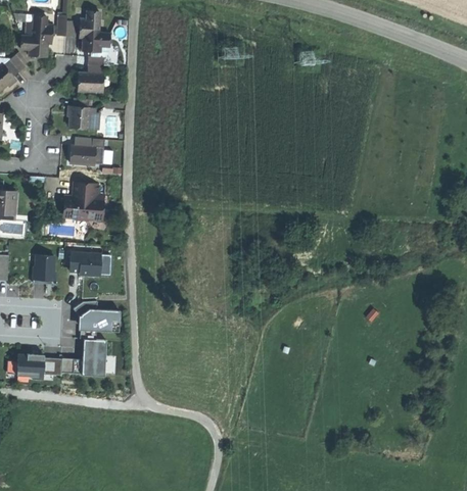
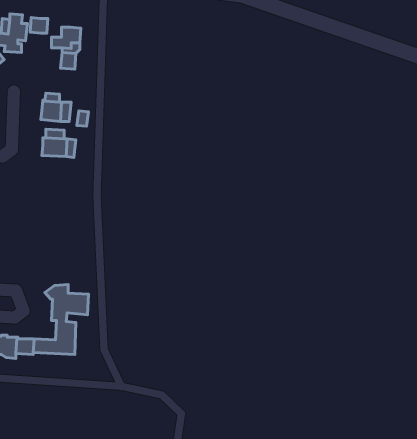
building: [80,11,101,41] -> none
building: [79,72,104,92] -> none
building: [65,185,102,222] -> none
building: [69,253,101,276] -> none
building: [33,255,55,284] -> none

